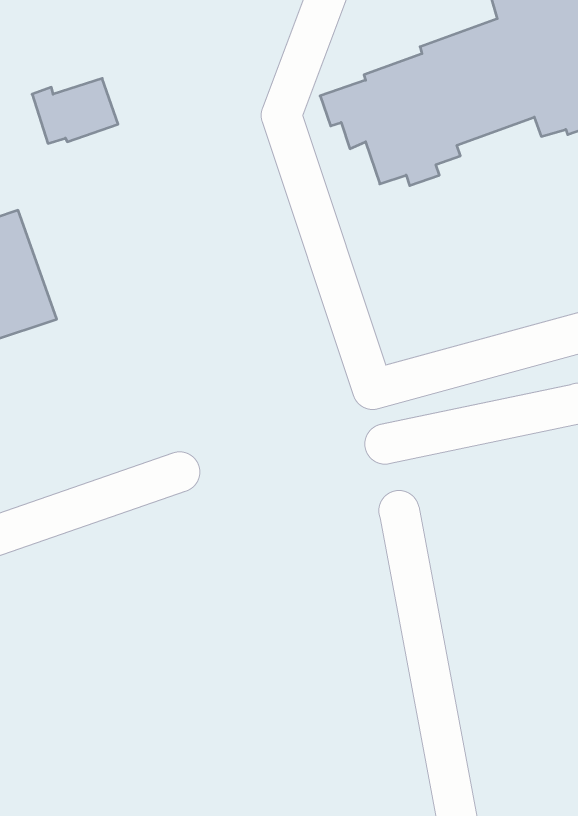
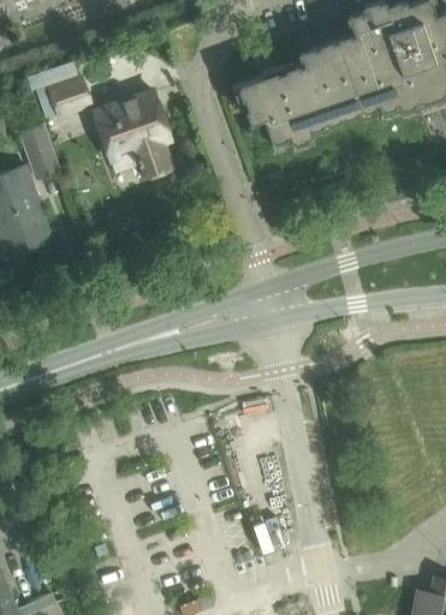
building: none -> [95,91,171,177]
building: none -> [18,126,57,179]

